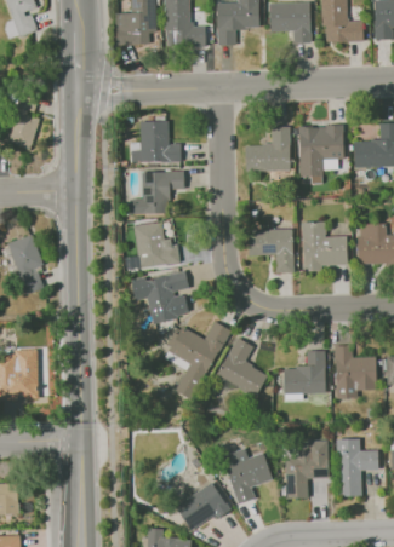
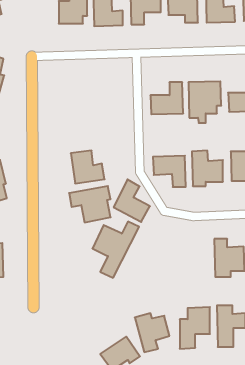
building: [131,121,181,162] -> none
building: [132,171,184,214] -> none
building: [217,336,268,396] -> [114,179,150,222]
building: [284,350,326,393] -> none

